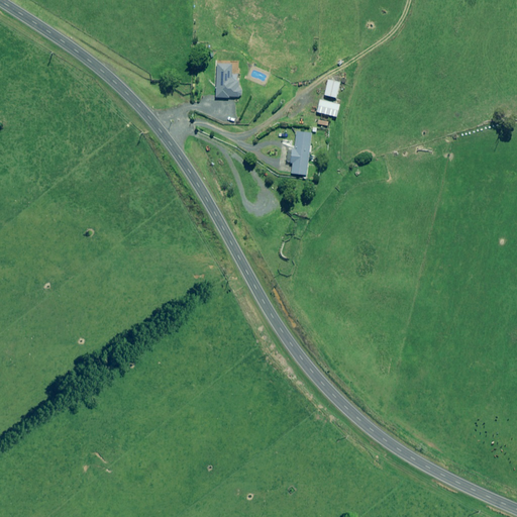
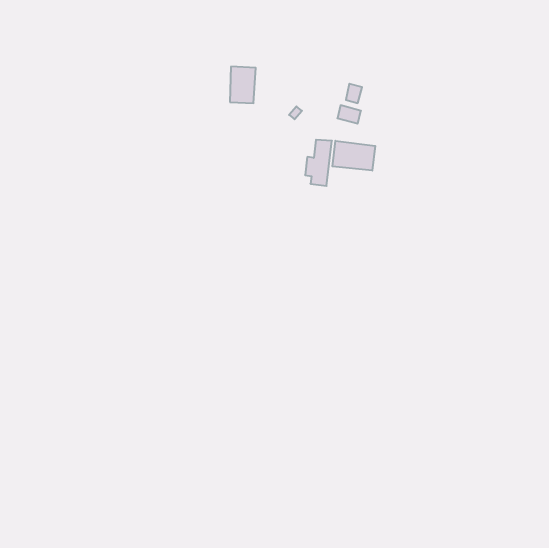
building: none -> [332,141,375,171]

